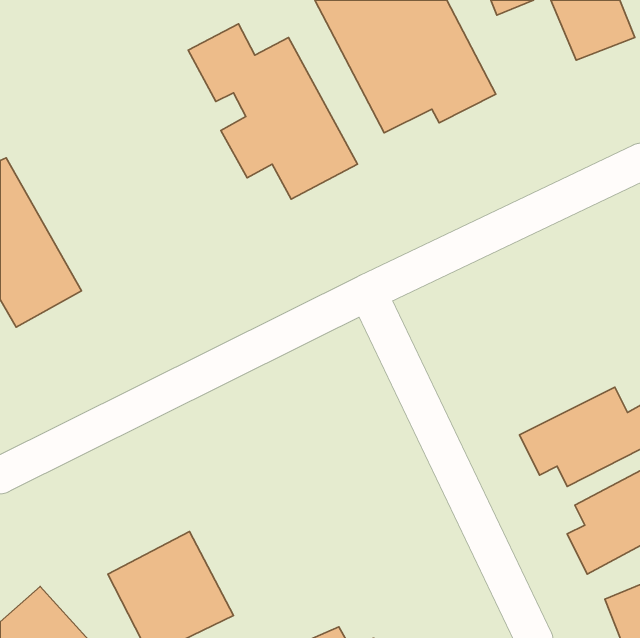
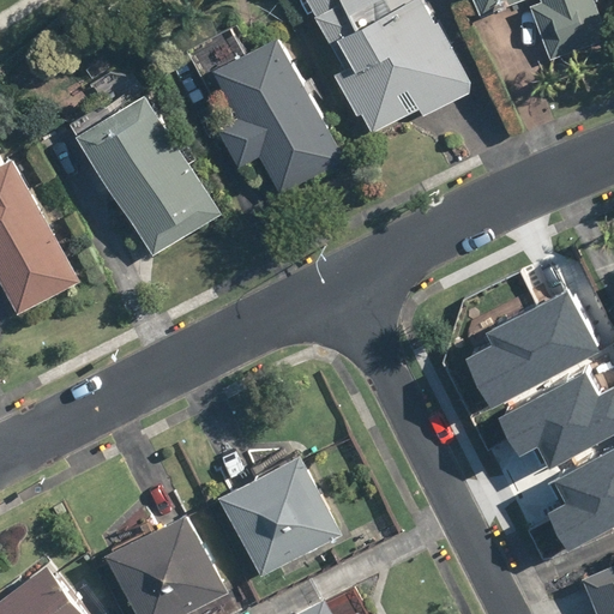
building: none -> [72,91,221,258]
building: none -> [465,295,598,410]
building: none -> [215,453,339,577]

